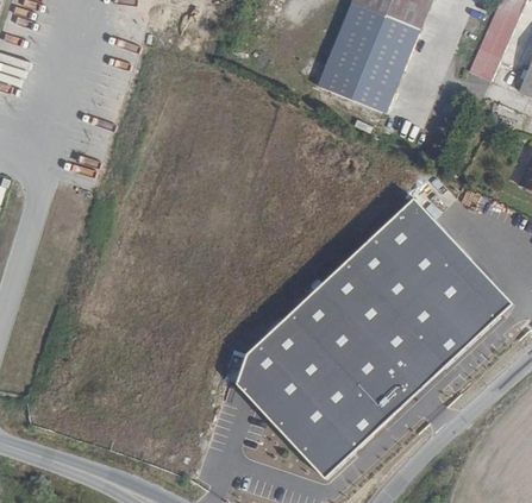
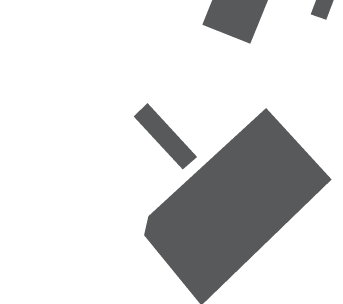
building: none -> [133,102,198,171]

